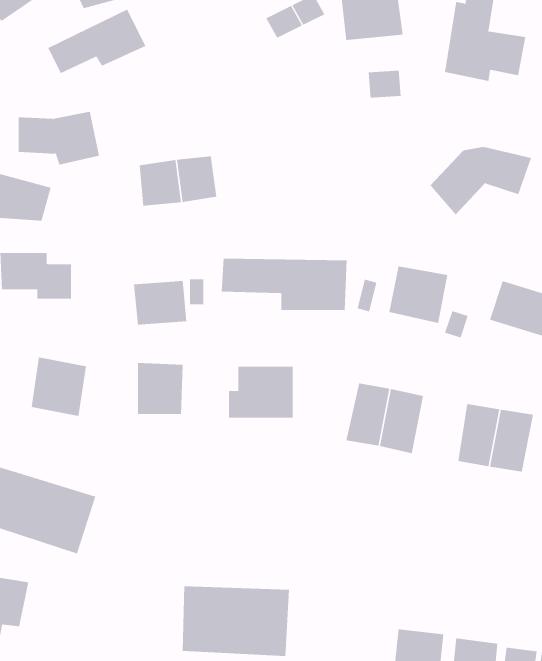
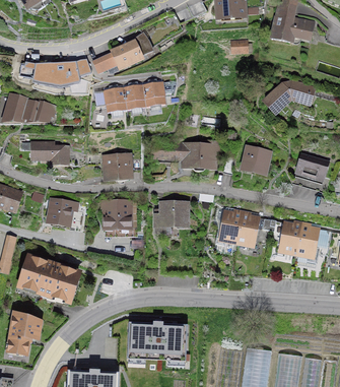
building: [47,9,146,74] -> [92,41,146,76]
building: none -> [144,82,167,108]

